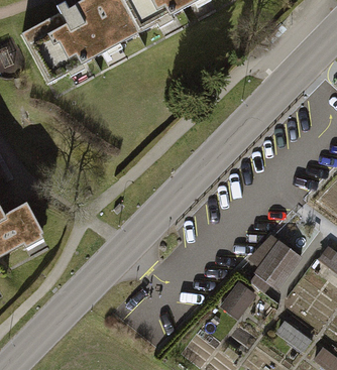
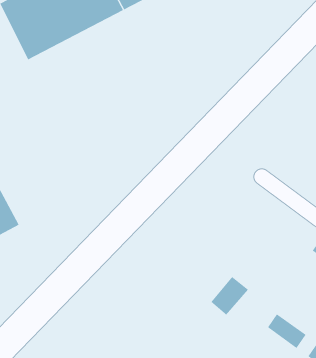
building: [254,242,298,285] -> none

